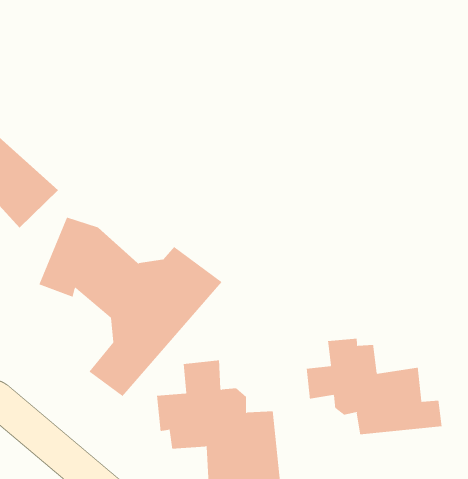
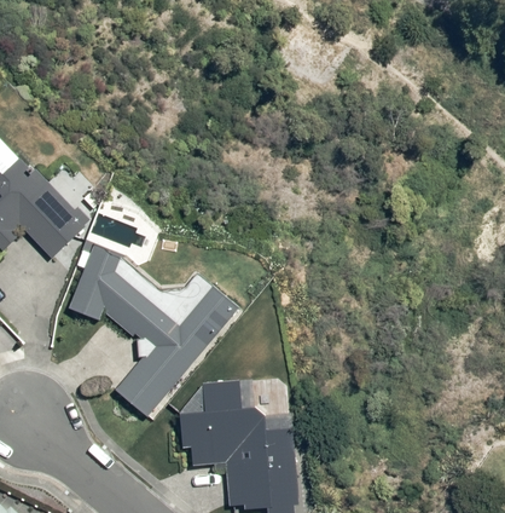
building: [306,338,442,435] -> none

